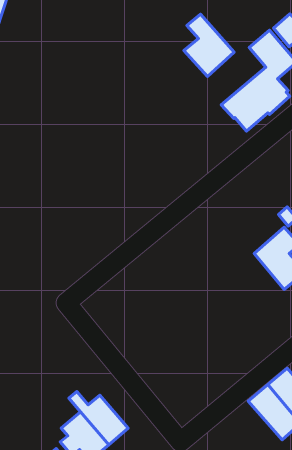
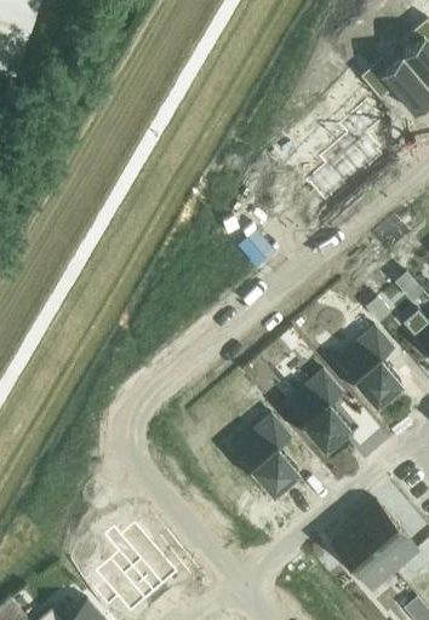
building: [184,14,234,76] -> none
building: none -> [285,369,349,447]
building: none -> [234,413,298,490]

